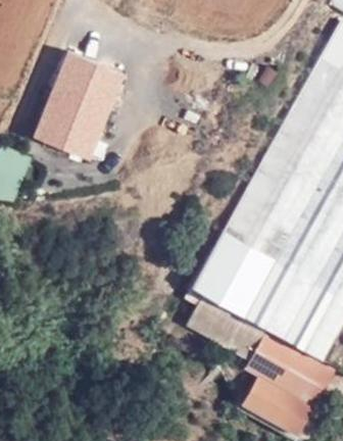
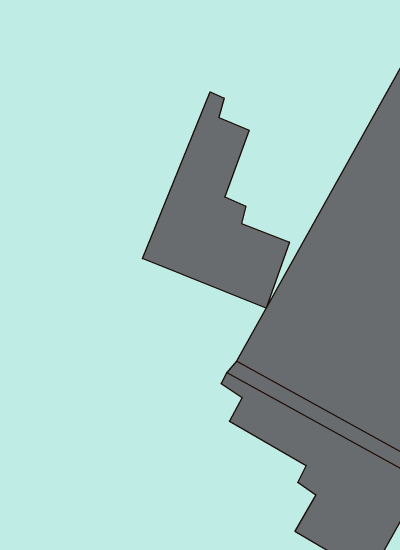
building: [33,54,119,156] -> none
building: none -> [142,92,289,308]

